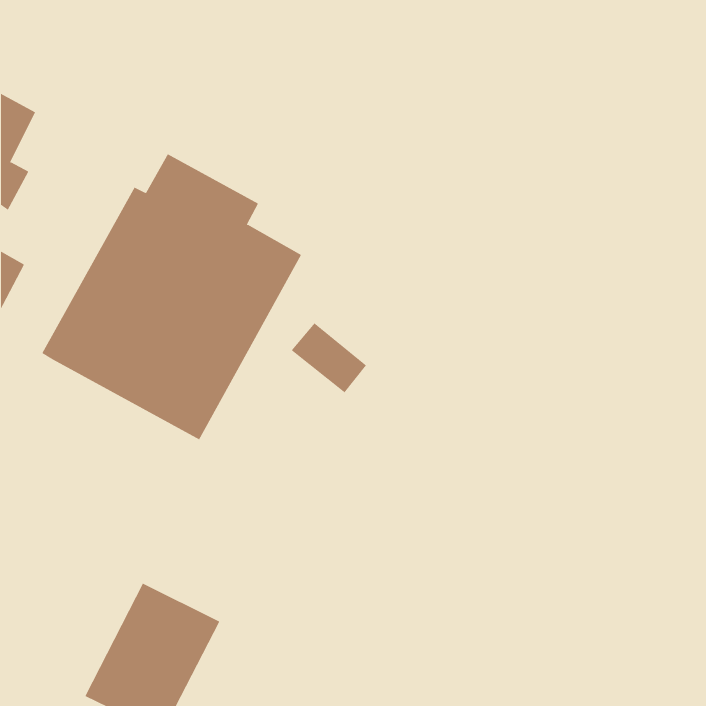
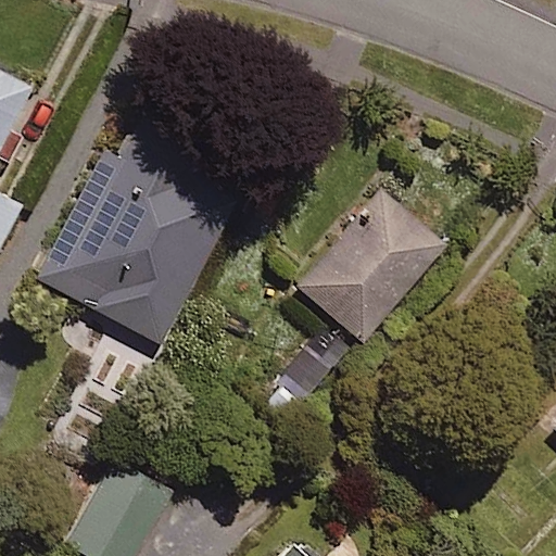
building: none -> [298,192,443,343]

